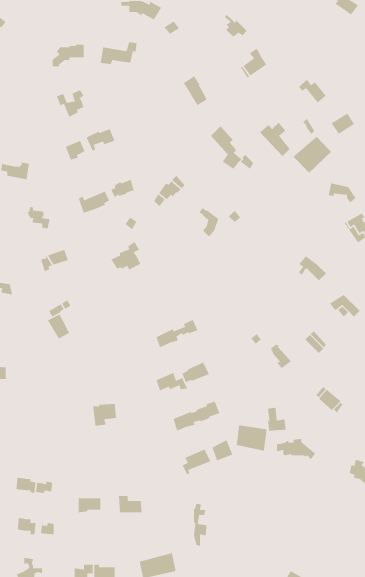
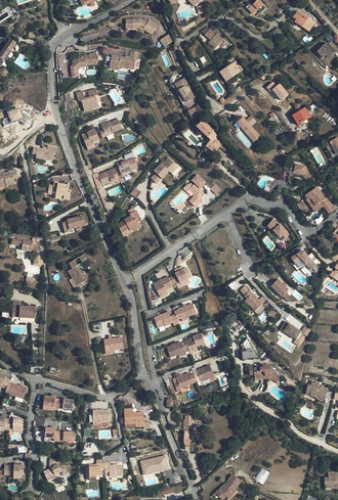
building: [292,136,332,174] -> none
building: [236,424,267,451] -> none

